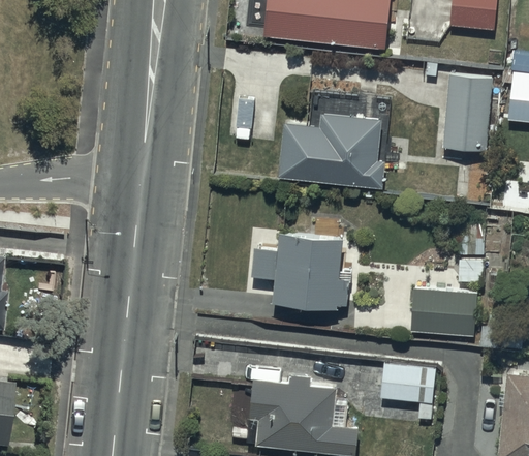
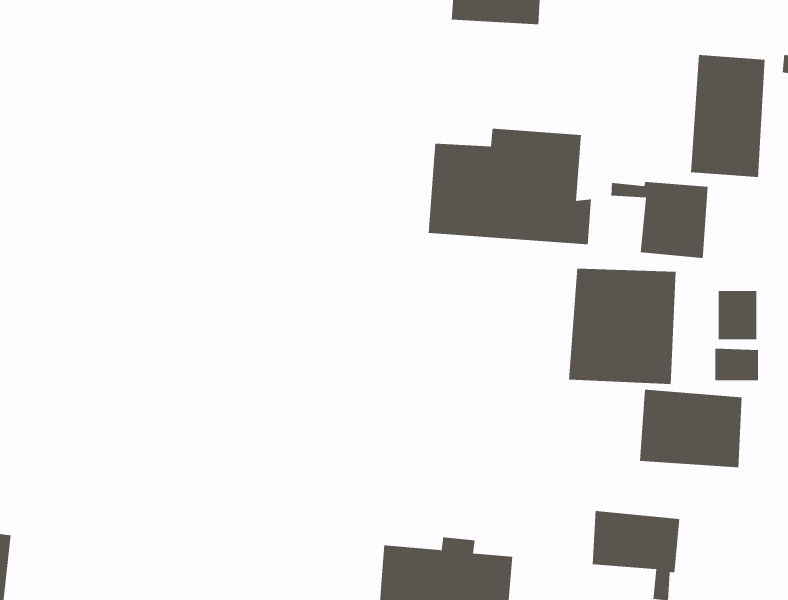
building: none -> [611,181,708,259]
building: [272,239,340,312] -> [568,268,676,385]

